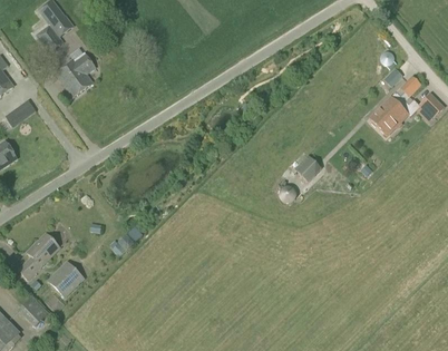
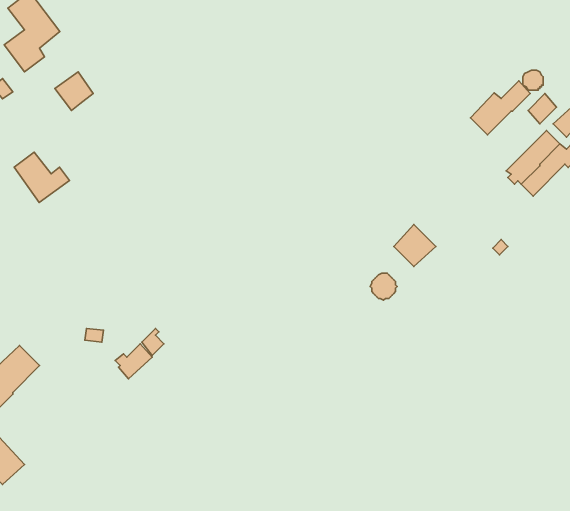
building: none -> [470,81,530,135]
building: [56,64,92,97] -> [14,152,70,202]
building: [49,262,84,296] -> none

